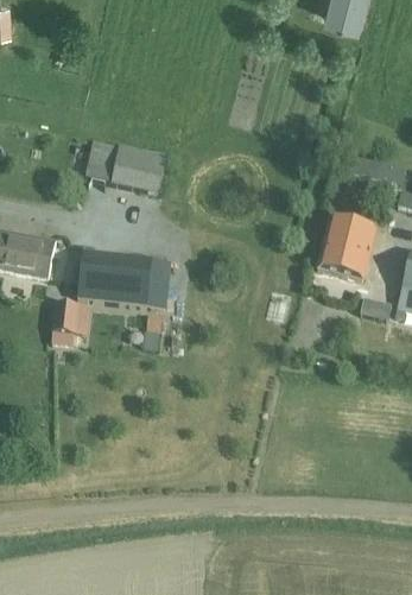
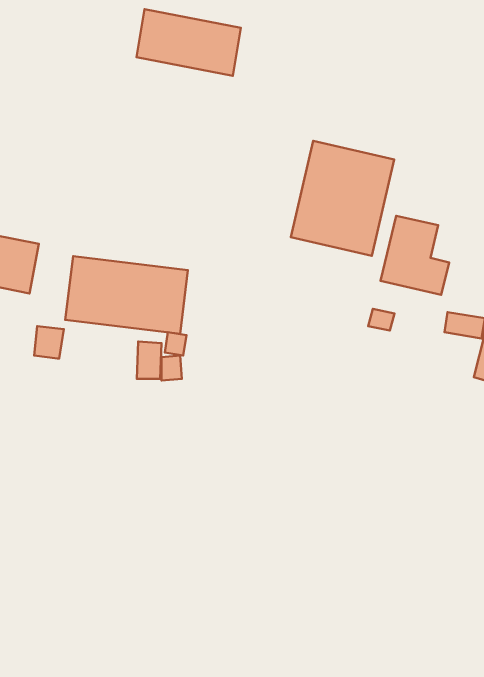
building: [88,140,167,191] -> [137,9,241,76]
building: none -> [291,141,394,256]

